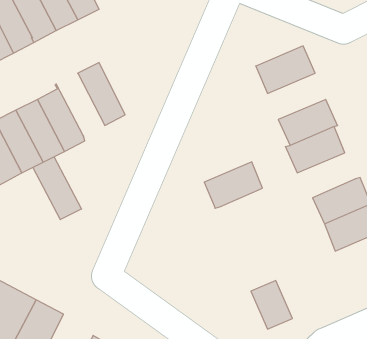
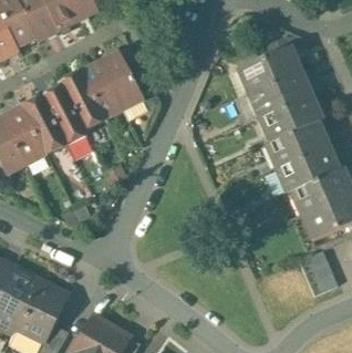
building: none -> [99,49,144,108]
building: none -> [256,70,310,113]
building: [33,157,82,220] -> [59,70,104,128]
building: [204,162,262,208] -> [283,144,338,187]
building: [251,281,292,329] -> [299,248,338,293]

